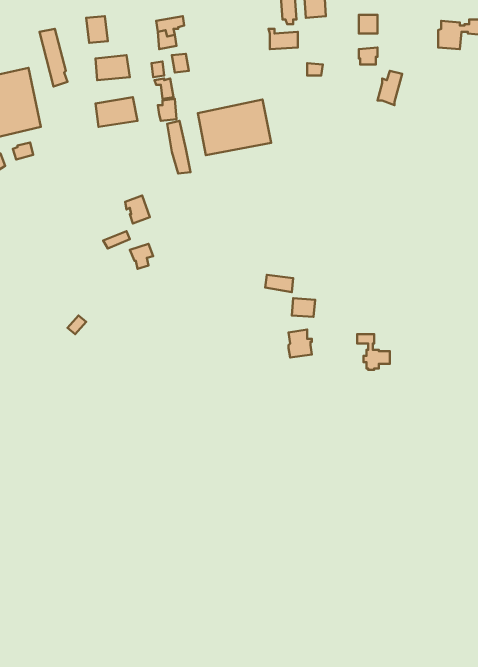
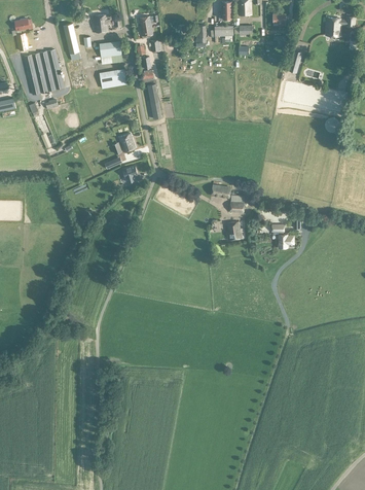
building: [198,100,271,155] -> none

